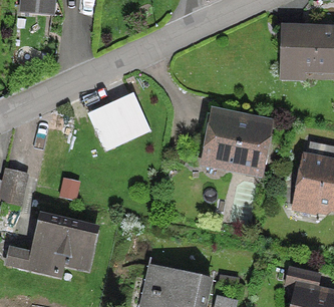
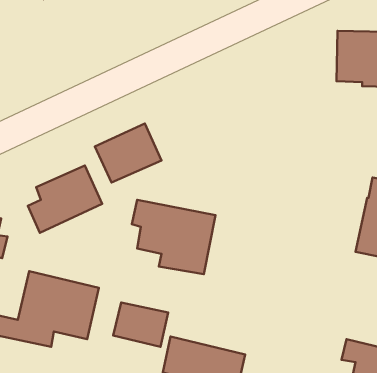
building: [203,111,268,170] -> [132,200,215,274]
building: none -> [28,165,102,233]
building: none -> [113,302,168,347]

